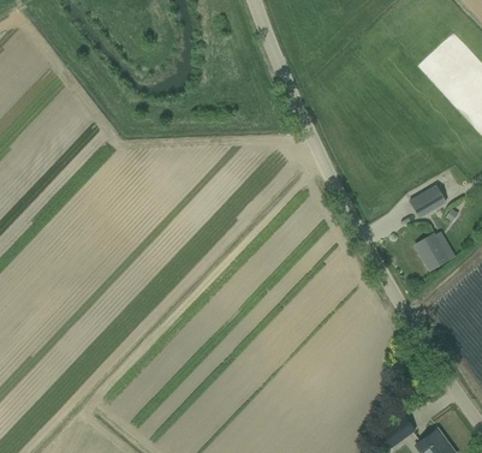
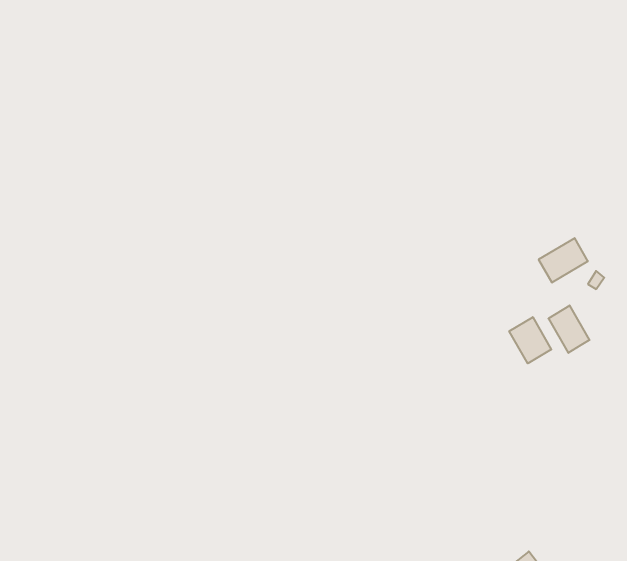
building: none -> [509,317,551,363]

